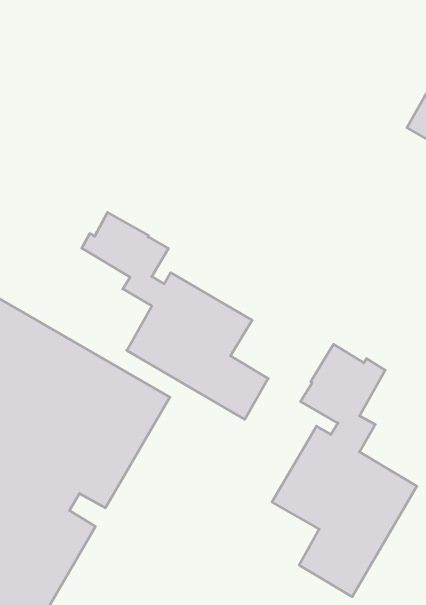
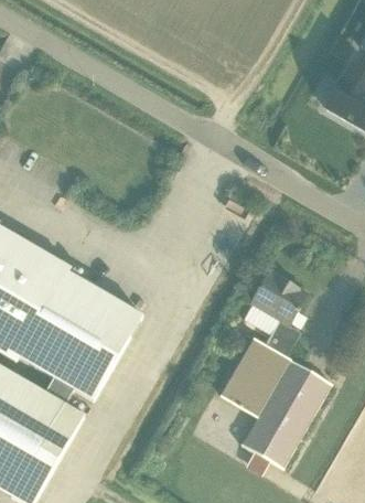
building: [82,212,268,419] -> none

